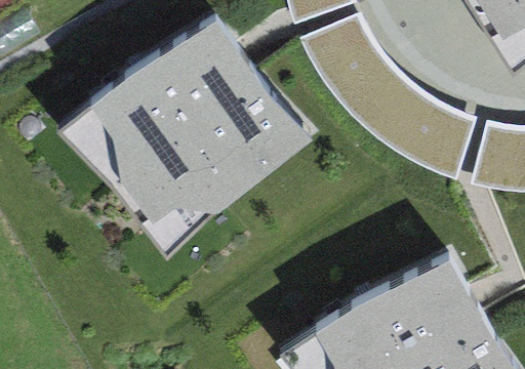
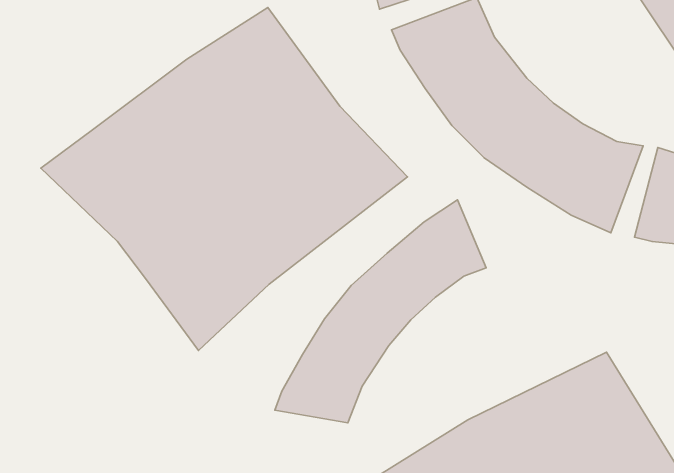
building: none -> [275,200,486,423]

